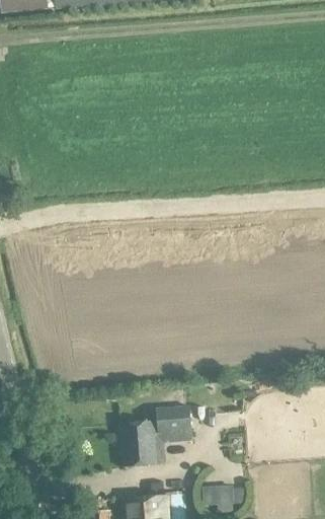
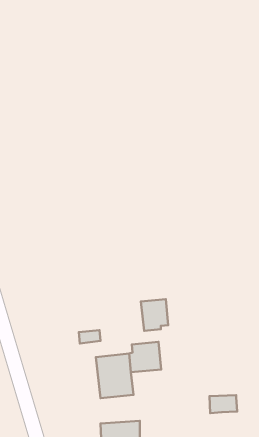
building: none -> [141,299,168,331]
building: [205,484,236,504] -> [209,395,237,413]

